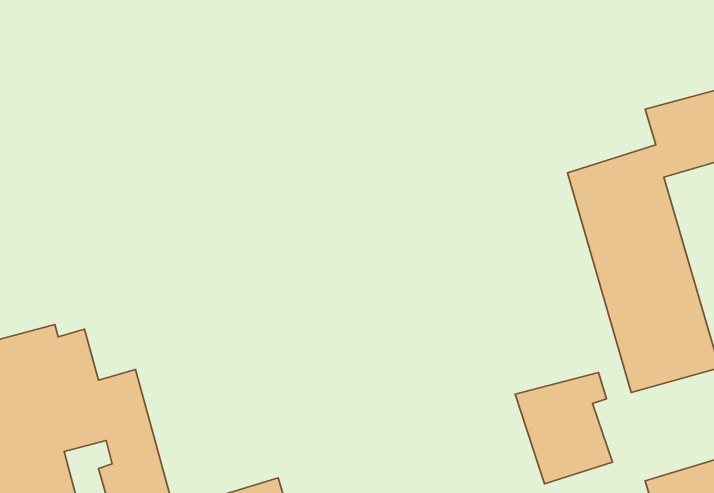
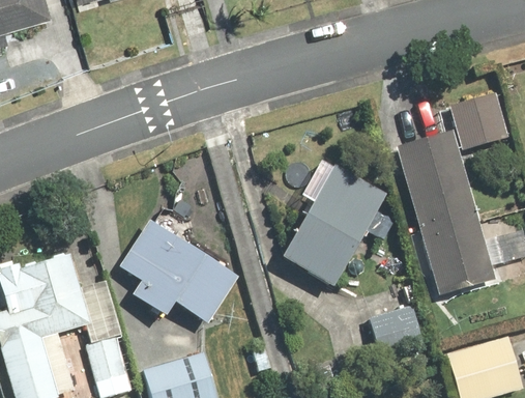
building: none -> [282,159,389,287]
building: none -> [118,220,238,325]

